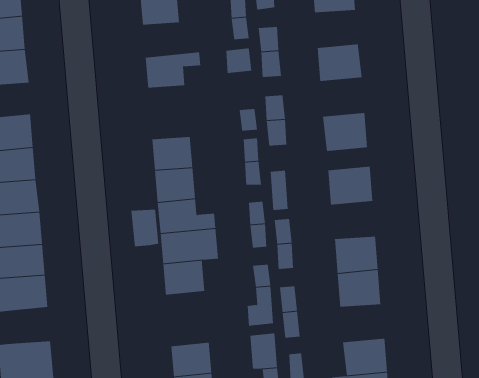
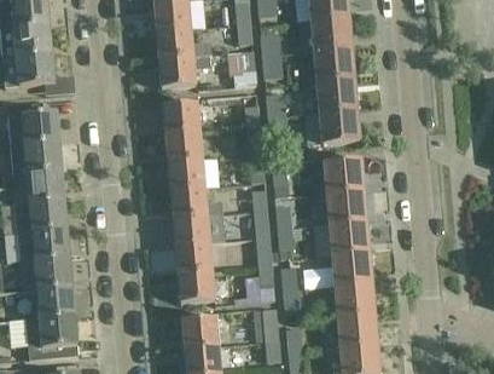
building: none -> [310,18,350,52]
building: none -> [156,29,211,61]
building: none -> [315,79,356,114]
building: none -> [162,103,199,134]
building: none -> [325,190,366,224]
building: [131,209,159,247] -> none
building: none -> [176,271,215,304]
building: none -> [333,283,374,317]
building: none -> [35,286,74,318]

